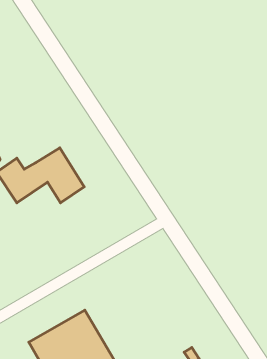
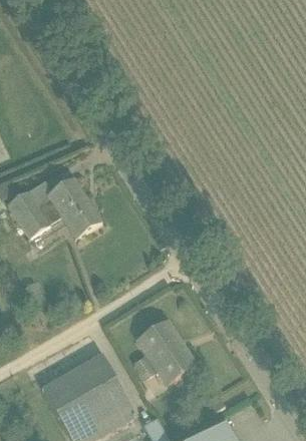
building: none -> [137,321,195,383]

